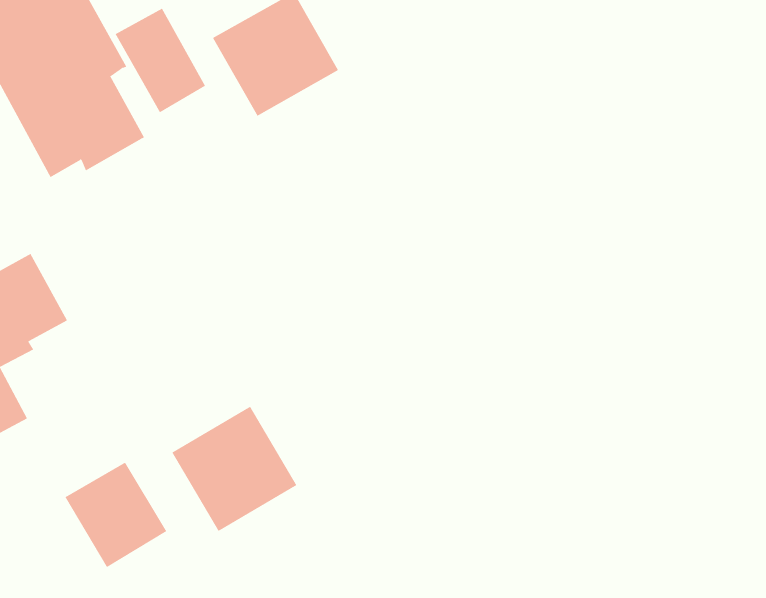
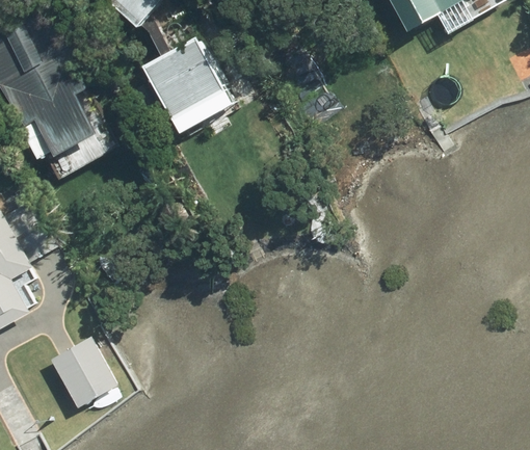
building: [115,8,206,113] -> none
building: [172,406,297,532] -> none

